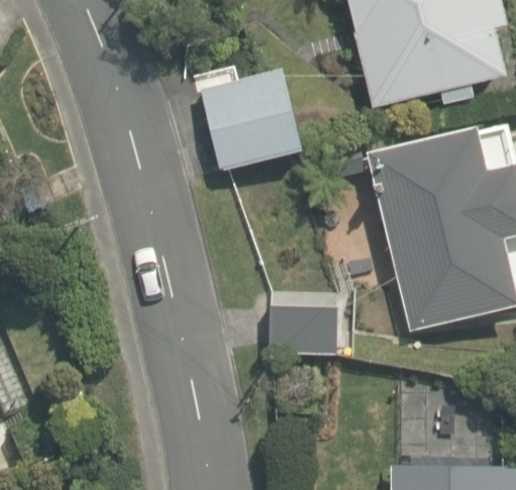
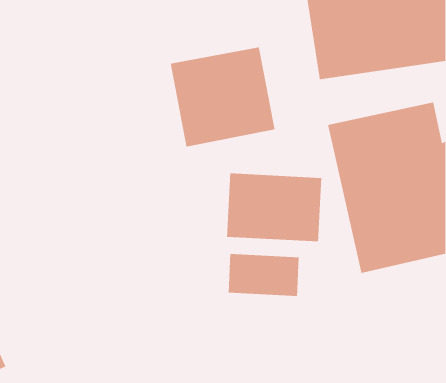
building: none -> [226,172,322,242]

